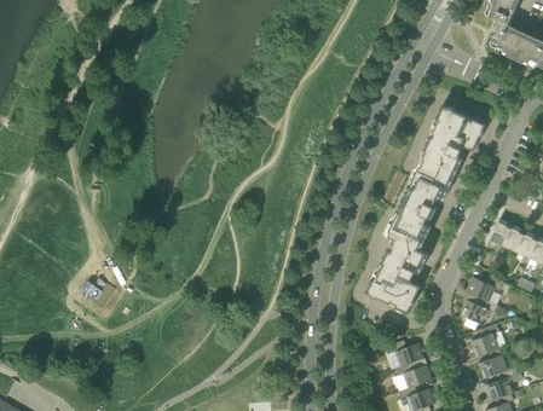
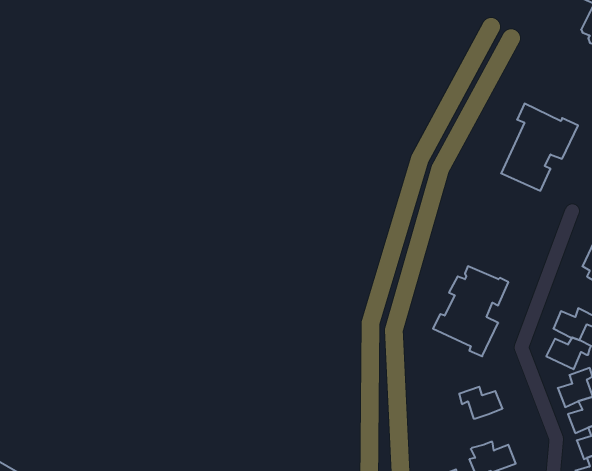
building: [389,161,456,249] -> none
building: [394,361,432,389] -> none

